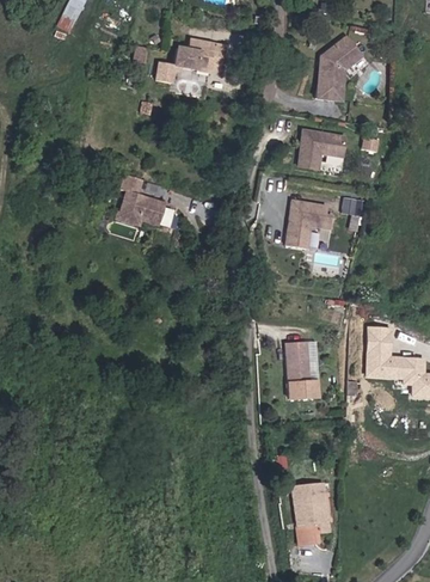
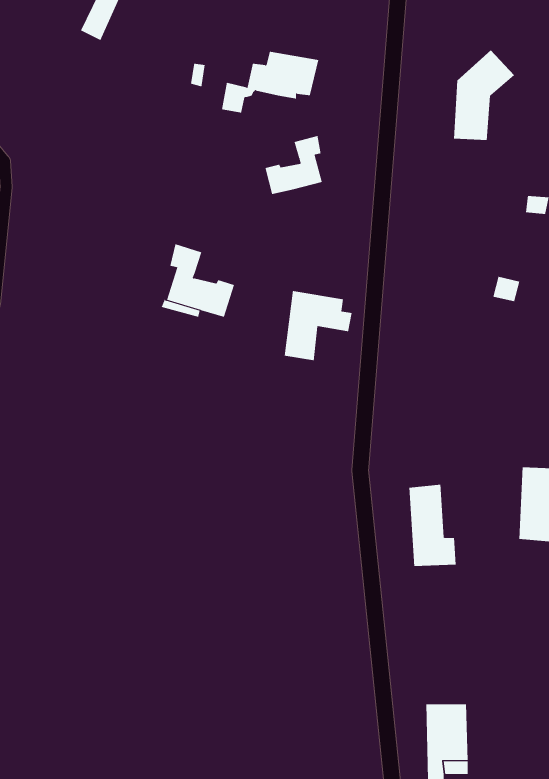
building: none -> [265,135,323,195]
building: [296,131,343,170] -> none
building: [285,200,333,249] -> [284,290,352,361]

